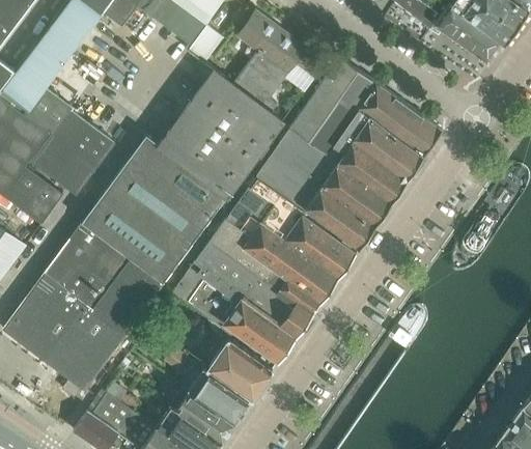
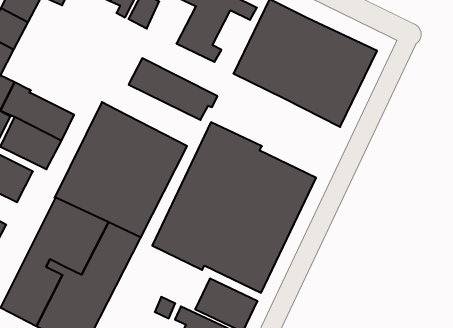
building: [196,72,282,149] -> none
building: [160,121,246,196] -> none
building: [256,129,390,248] -> none

